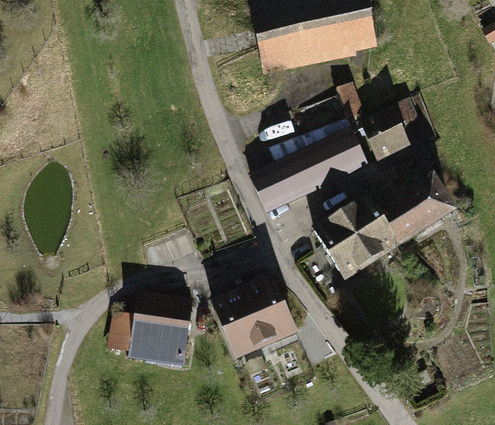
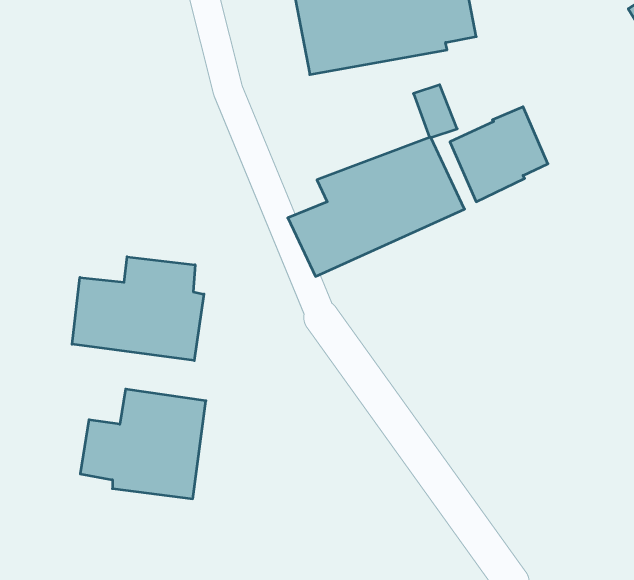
building: [312,172,459,280] -> none
building: none -> [72,257,204,361]
building: [209,272,298,359] -> none

